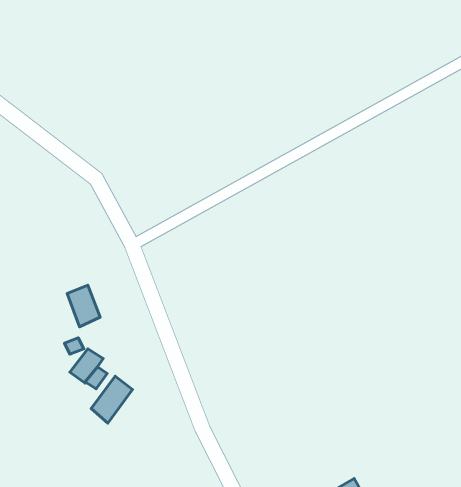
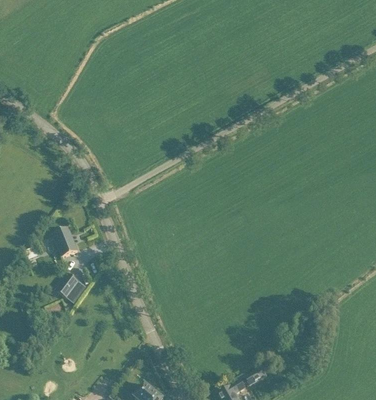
building: [91,376,133,423] -> none

